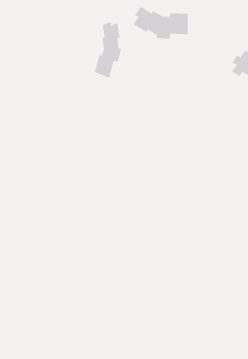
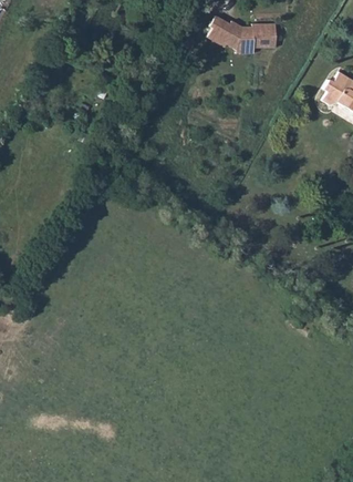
building: [94,21,121,78] -> none

